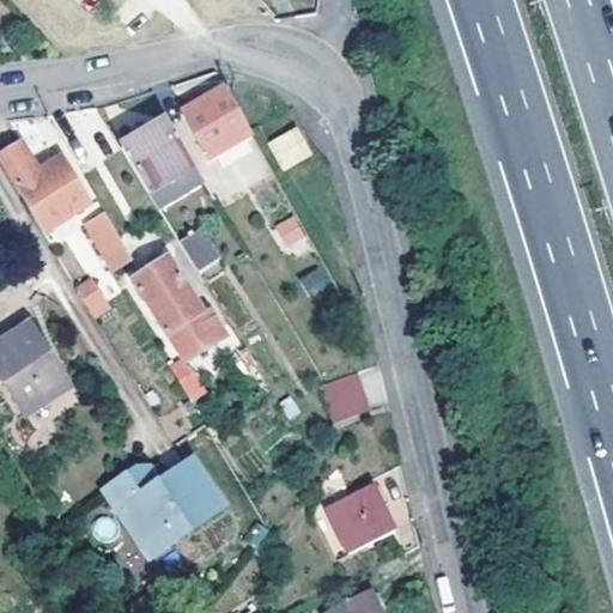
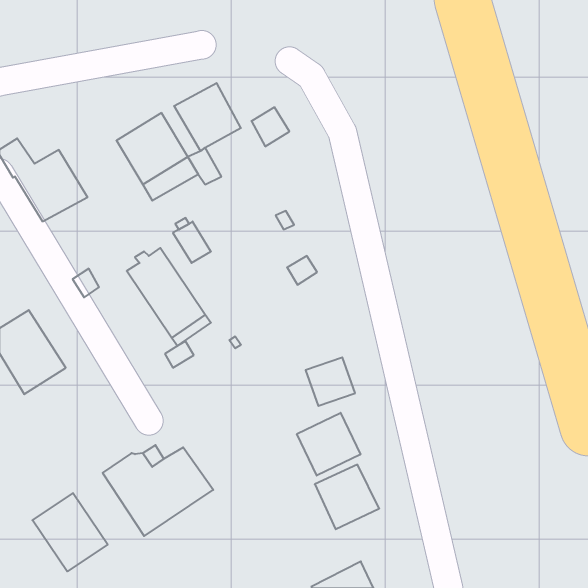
building: [85,212,133,273] -> none
building: none -> [297,413,360,476]
building: none -> [32,493,108,571]

